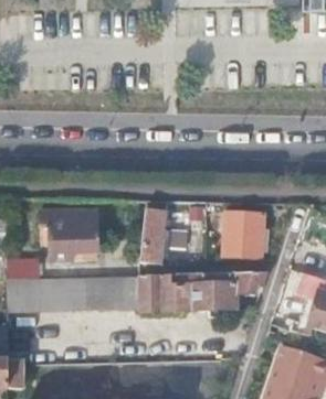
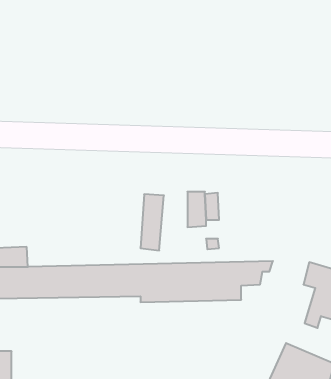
building: [39,211,97,260] -> none
building: [224,213,264,258] -> none

